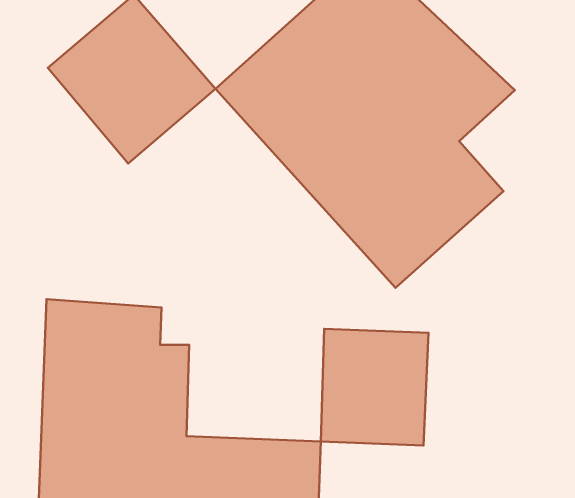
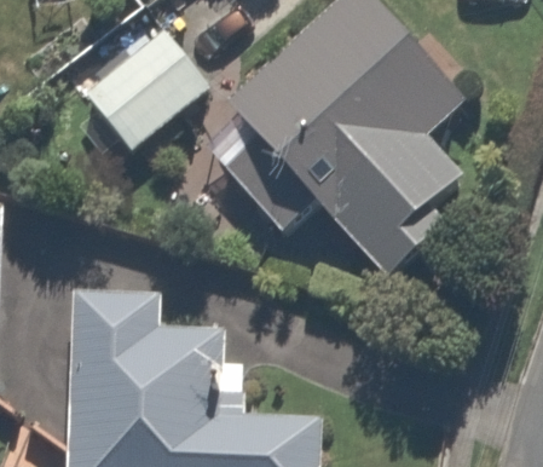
building: [321,329,429,446] -> none

